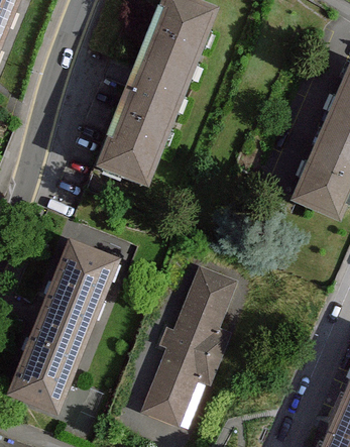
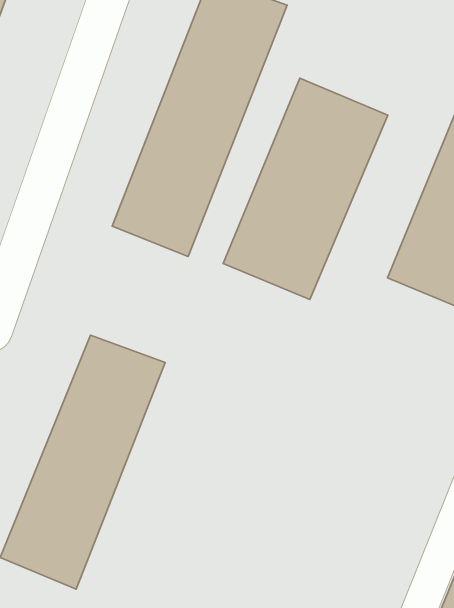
building: none -> [223,78,388,300]
building: [145,267,241,429] -> none

